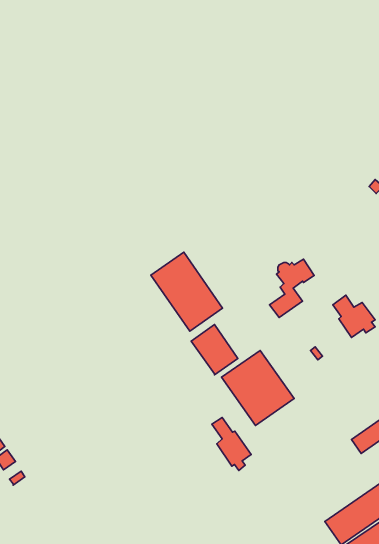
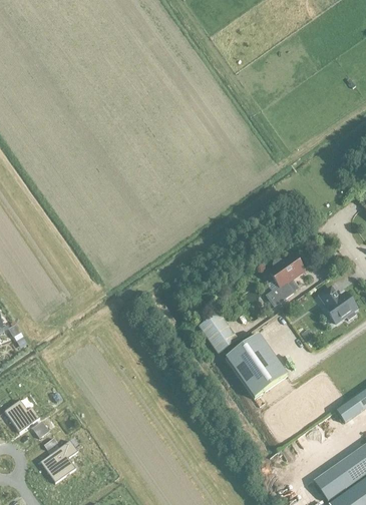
building: [151,252,223,331] -> none
building: [212,418,251,470] -> none
building: none -> [39,439,77,481]

